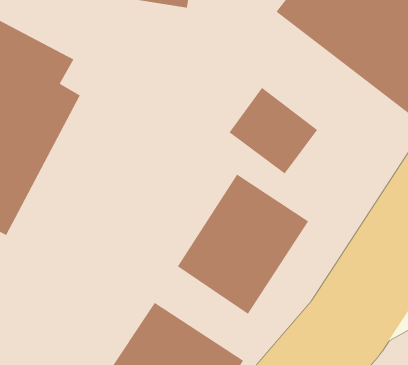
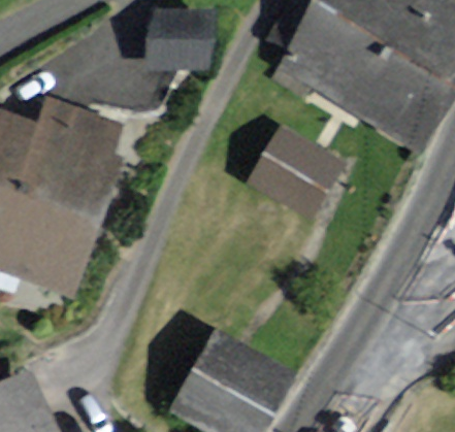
building: [177,173,309,315] -> none

